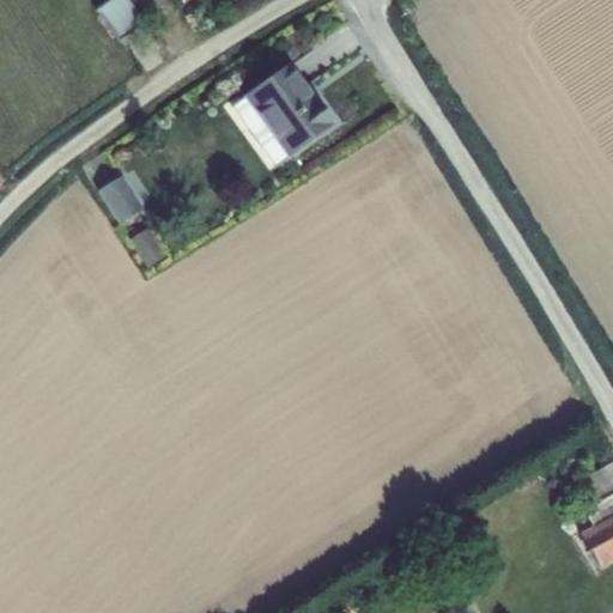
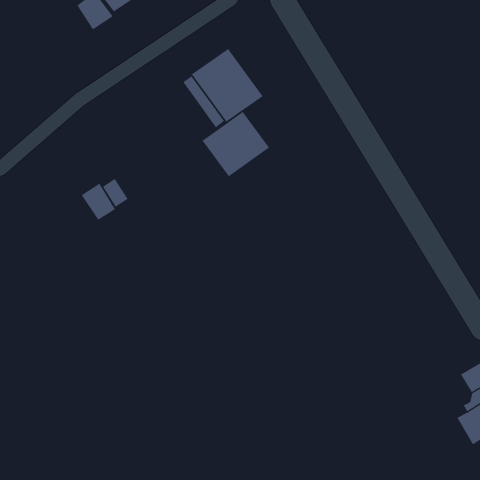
building: none -> [201,111,270,177]
building: [101,172,145,220] -> [81,183,116,221]

